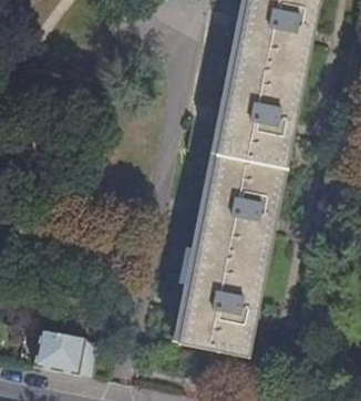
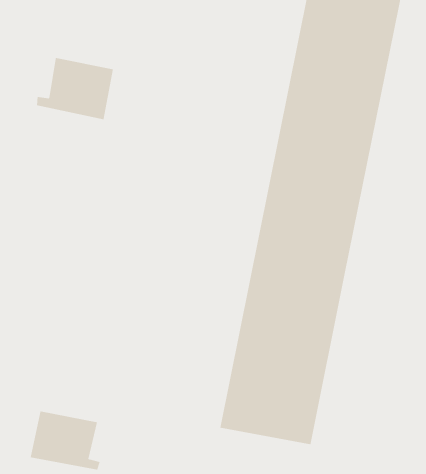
building: none -> [36,57,113,120]

